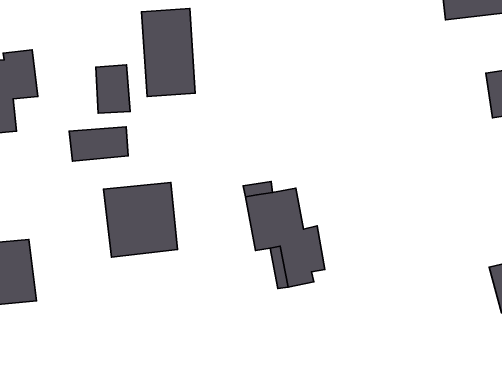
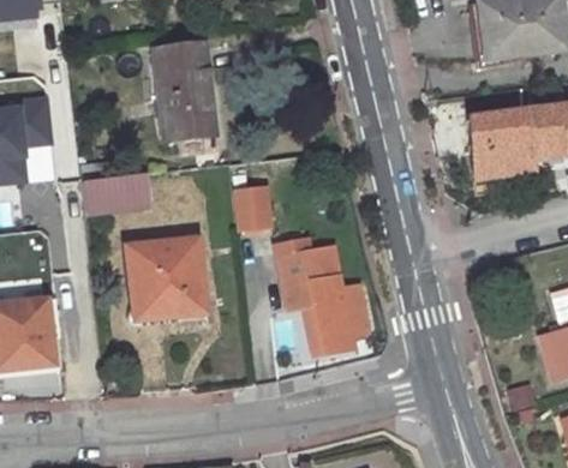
building: [96,65,130,113] -> none
building: none -> [465,118,539,186]
building: none -> [238,192,275,234]

